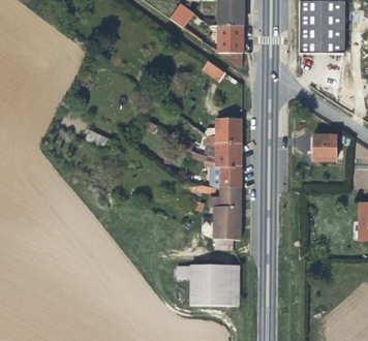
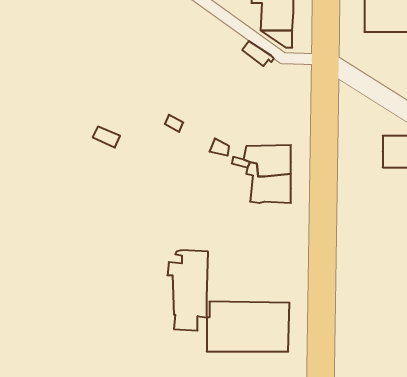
building: [206,117,241,143] -> none
building: [209,186,241,249] -> [167,250,208,331]

